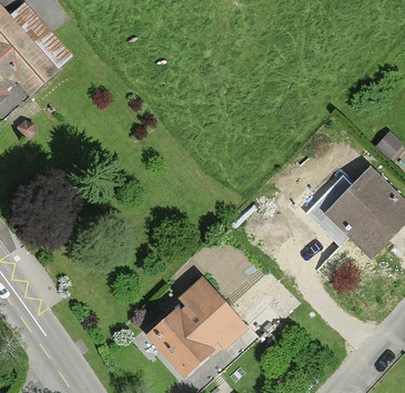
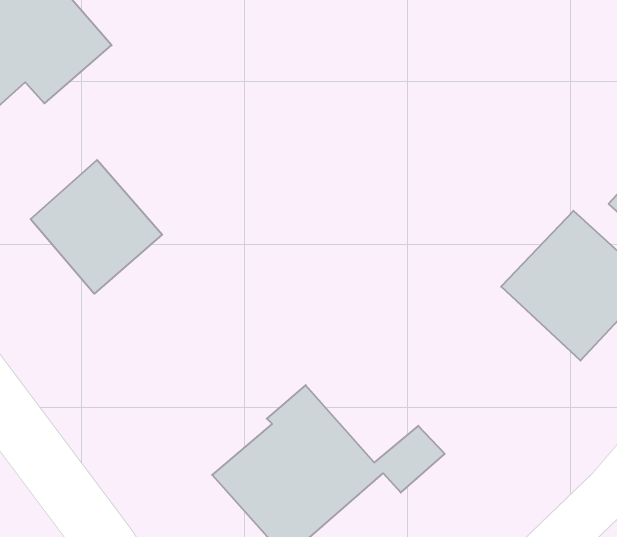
building: none -> [31,160,162,294]

